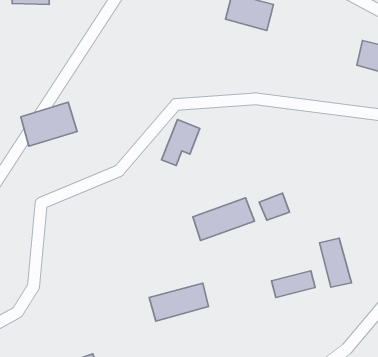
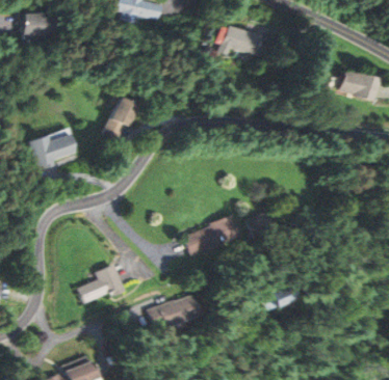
building: [162,119,200,165] -> [106,98,141,140]
building: [320,238,351,287] -> none
building: none -> [75,265,127,305]

